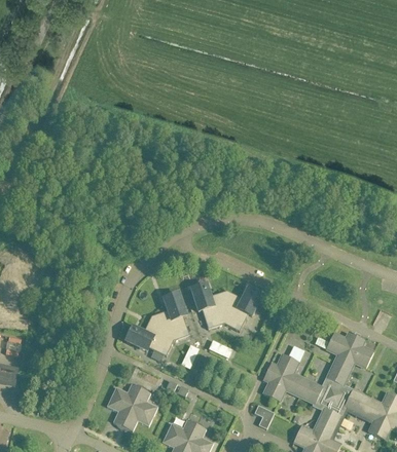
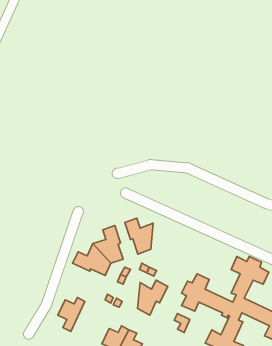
building: [224,288,262,332] -> [138,280,168,315]
building: [123,389,158,431] -> none

